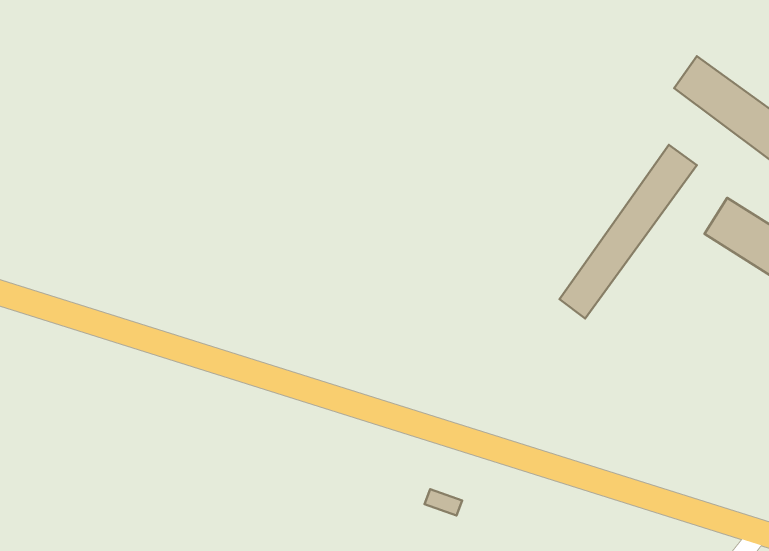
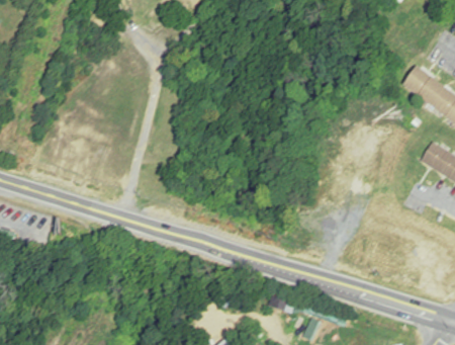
building: [559,145,697,319] -> none

